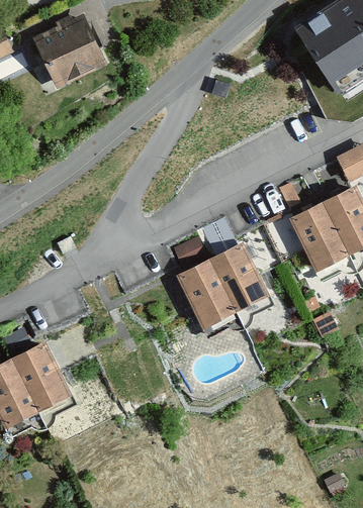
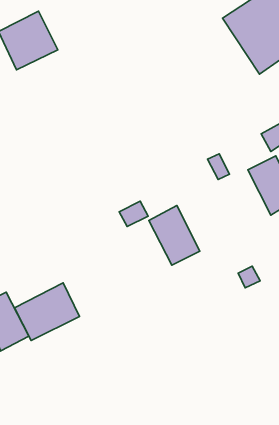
building: [289,202,350,271] -> none
building: [177,261,236,328] -> none
building: none -> [14,283,79,340]

